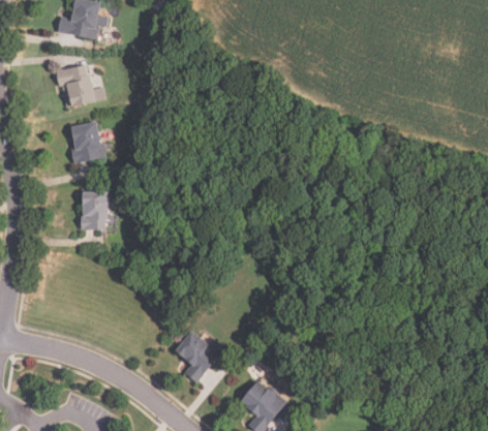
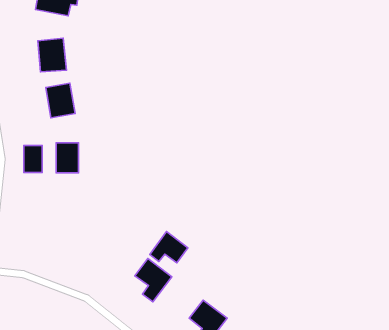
building: none -> [24,146,42,172]
building: none -> [150,232,188,263]

